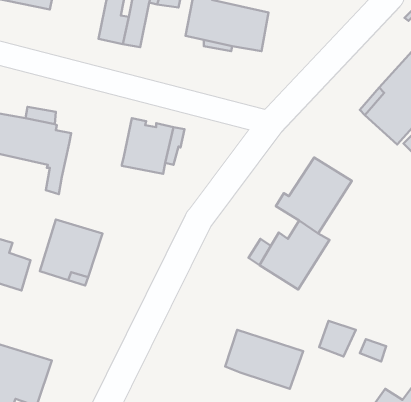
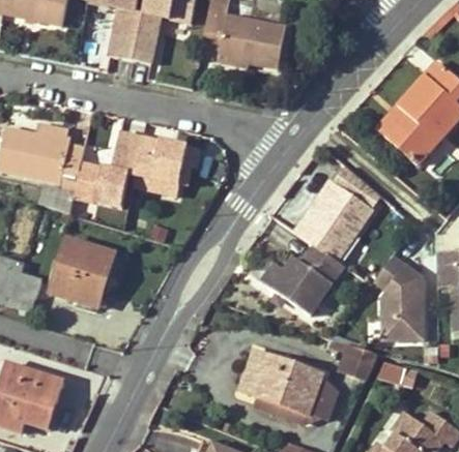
building: none -> [73,130,144,206]
building: none -> [373,253,424,339]
building: none -> [252,373,334,419]

